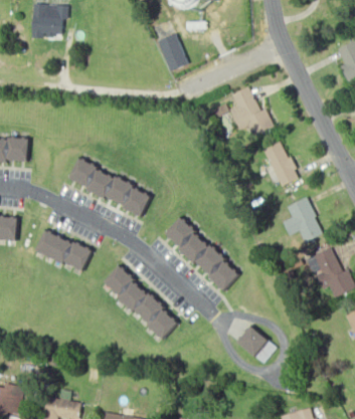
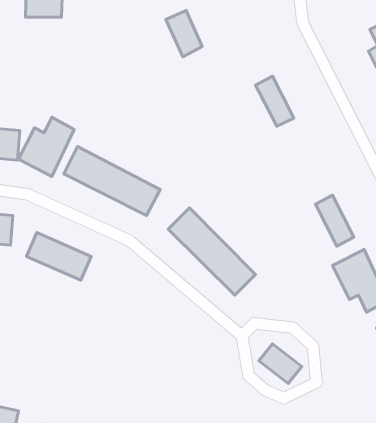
building: none -> [18,117,74,177]
building: [264,145,299,190] -> none
building: [101,261,177,339] -> none

